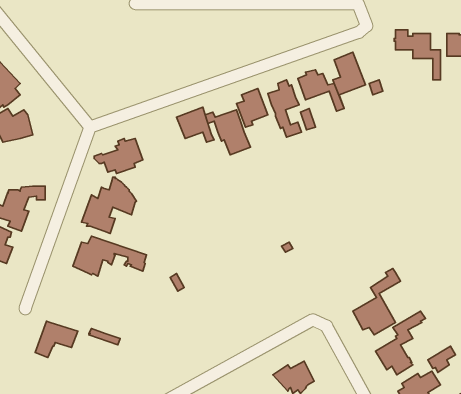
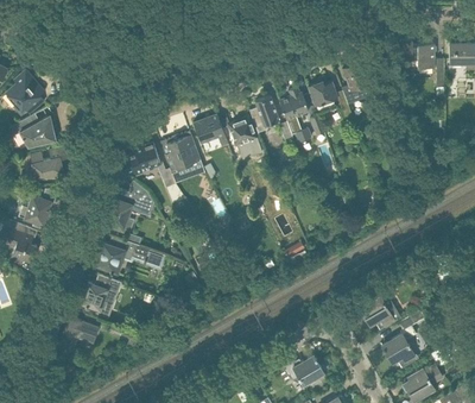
building: none -> [164,133,204,177]
building: none -> [30,147,68,180]
building: none -> [81,275,121,310]

